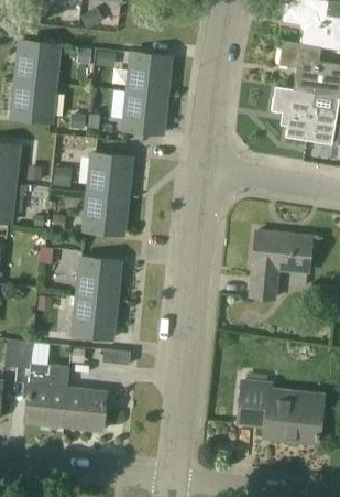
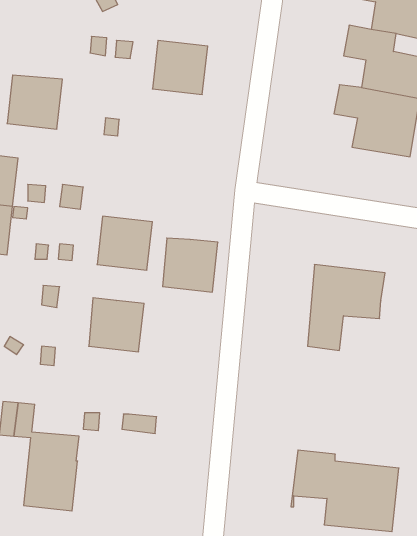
building: [15,41,59,84] -> none
building: [123,91,166,134] -> none
building: [87,154,131,197] -> [163,238,218,292]
building: [72,296,116,341] -> none
building: [63,388,106,432] -> none

